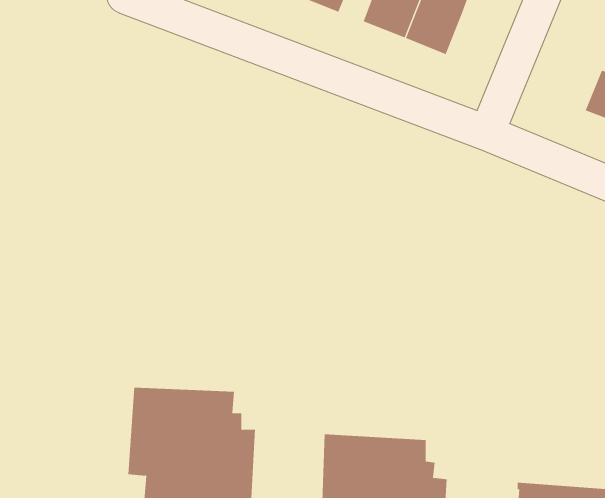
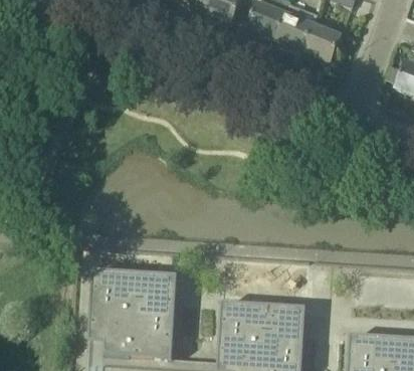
building: none -> [302,25,342,63]

